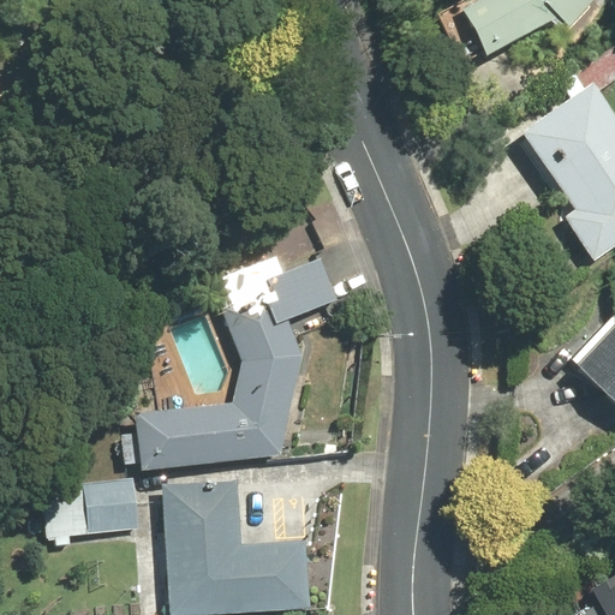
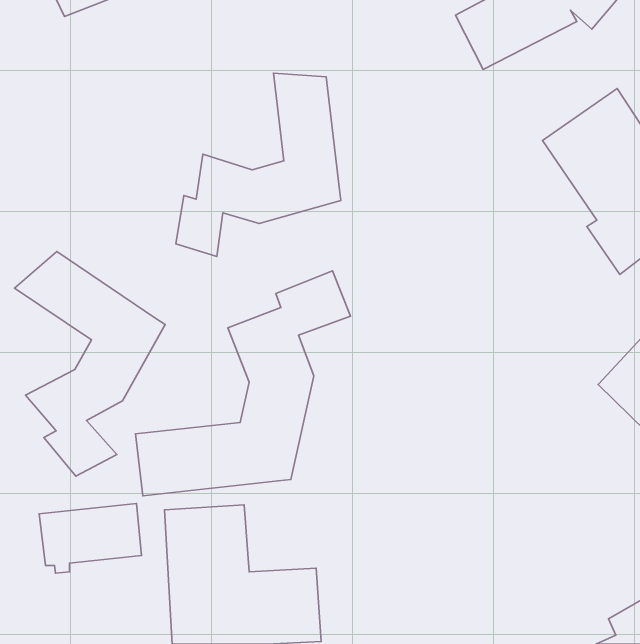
building: none -> [176,73,341,257]
building: none -> [14,251,165,476]

